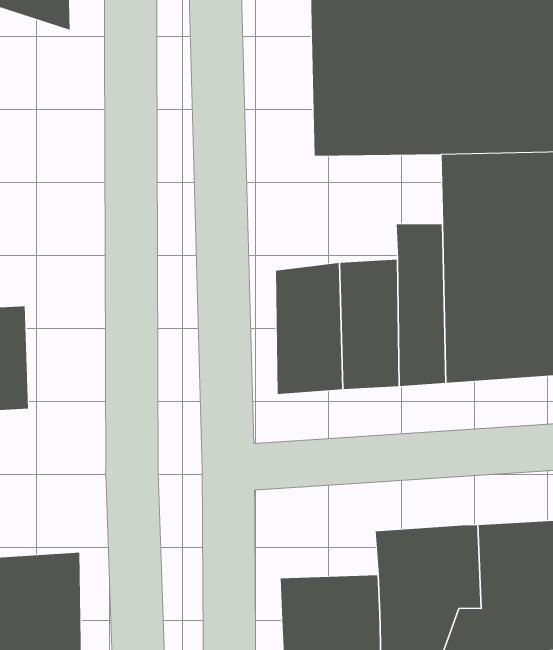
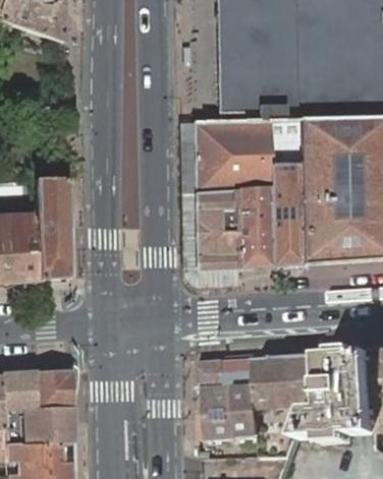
building: none -> [195,118,302,191]
building: none -> [36,177,71,279]
building: none -> [199,356,261,385]

